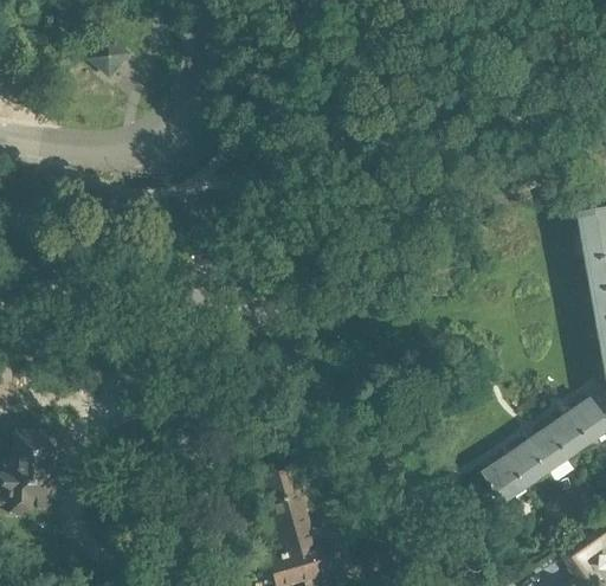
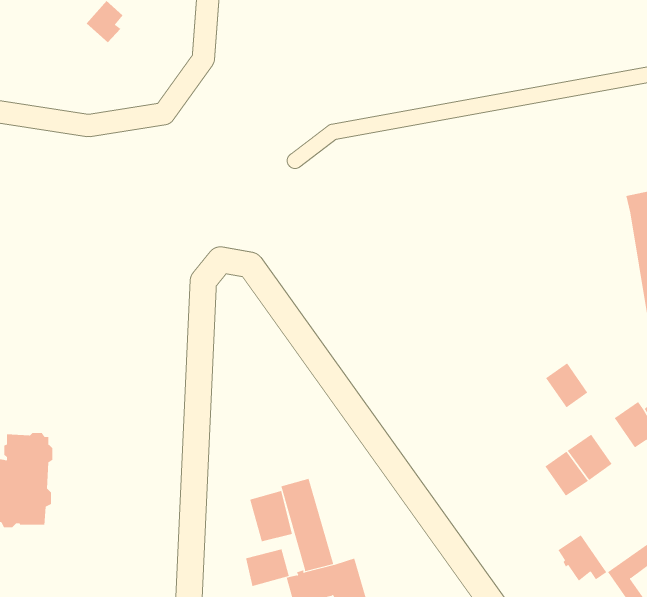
building: [547,412,586,453] -> [545,363,588,408]
building: [483,456,528,498] -> [558,534,607,581]
building: none -> [250,490,292,542]
building: none -> [246,548,290,587]

